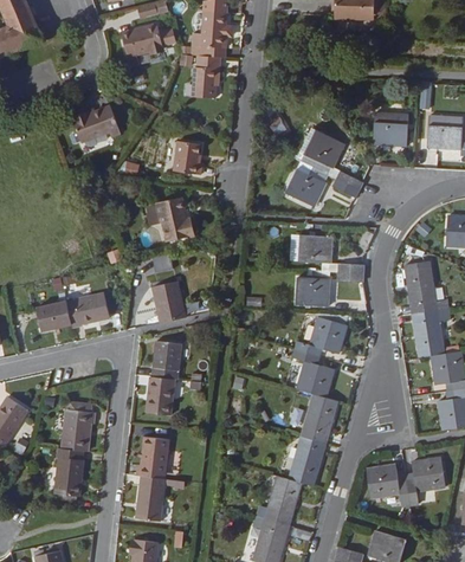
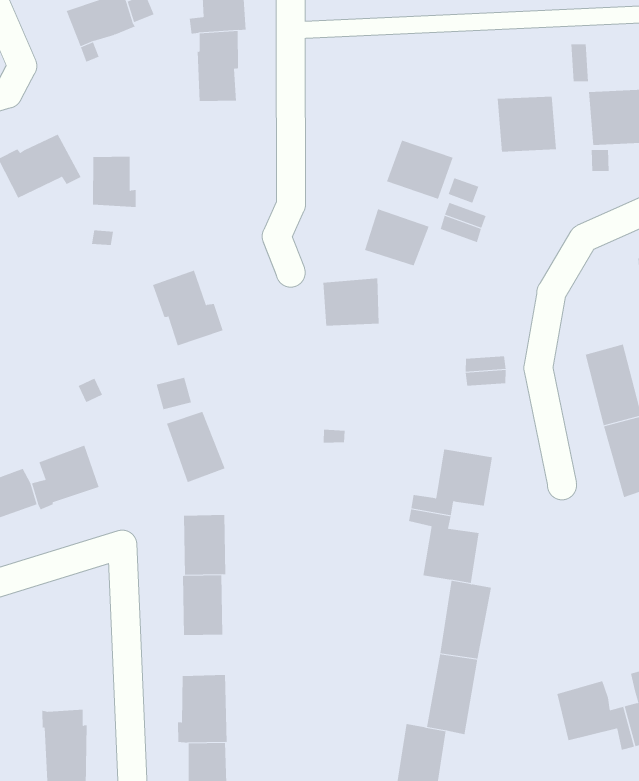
building: [177,136,205,169] -> [92,156,136,208]
building: [297,235,331,264] -> [323,278,379,326]
building: [295,278,328,306] -> none
building: [65,403,98,446] -> none

